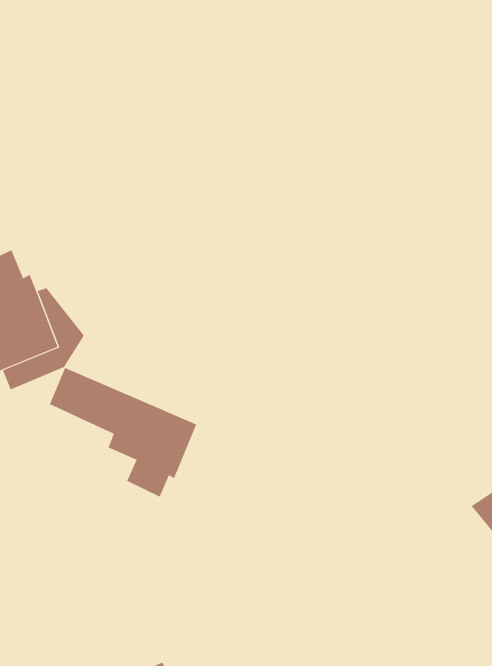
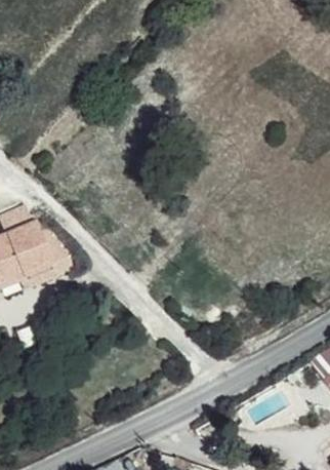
building: [49,367,197,498] -> none

